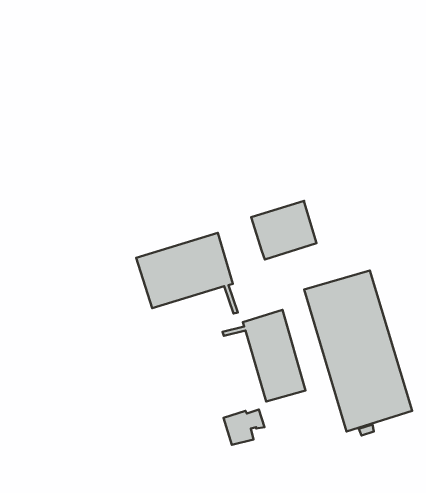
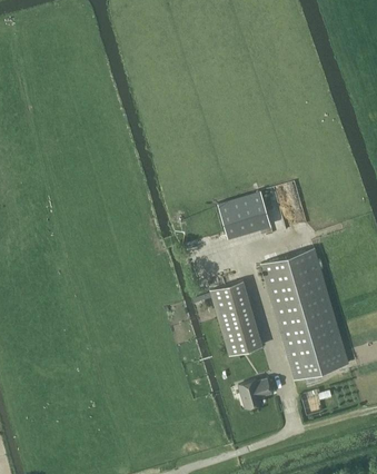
building: [136,233,238,313] -> none
building: [223,410,264,445] -> [239,379,272,408]

